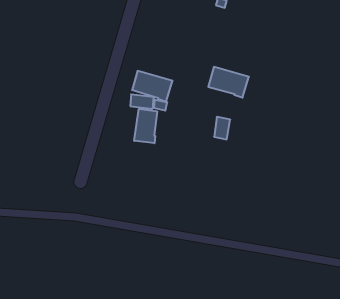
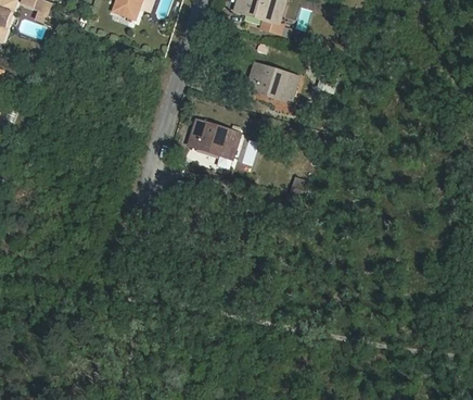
building: [208,67,249,98] -> [248,63,297,100]
building: [134,109,157,143] -> none

